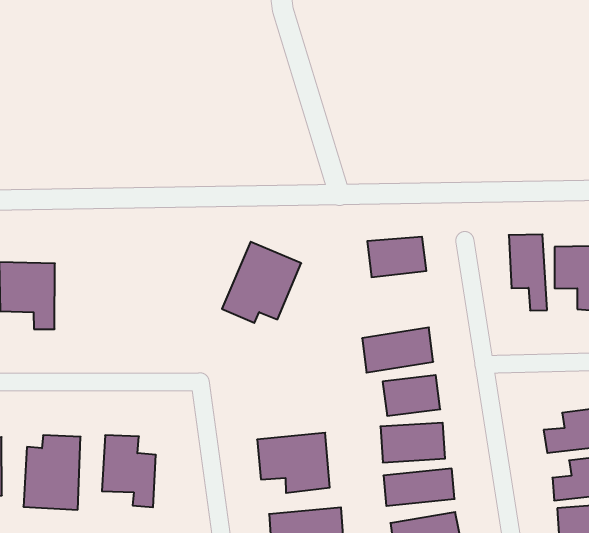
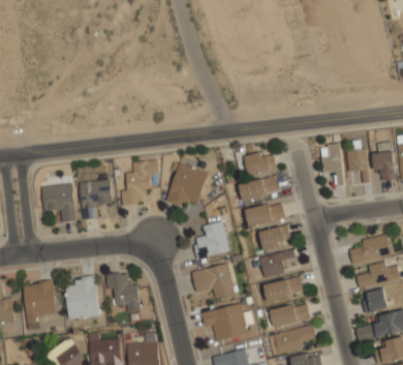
building: none -> [122,160,150,204]
building: none -> [80,179,111,218]
building: none -> [239,175,279,201]
building: none -> [193,221,228,257]

